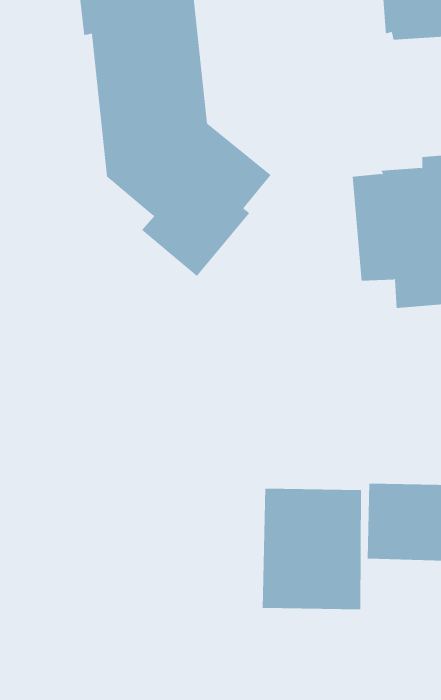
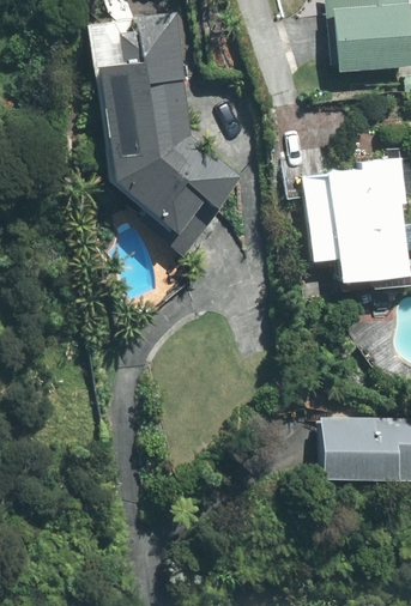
building: [262,488,361,610] -> none

